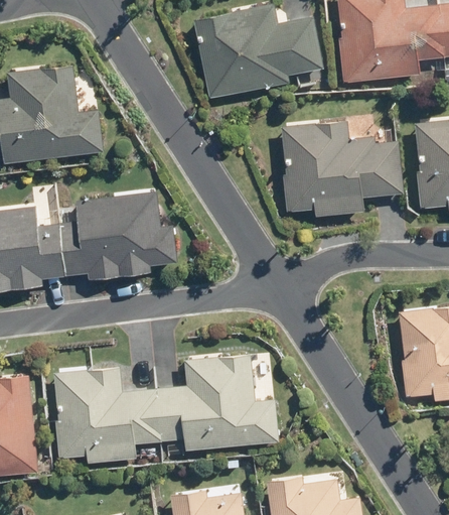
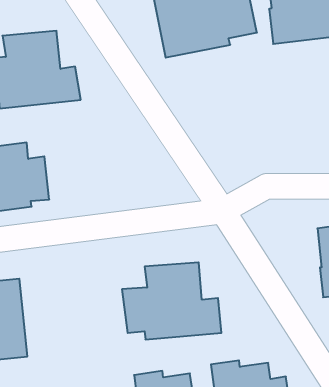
building: [281,121,403,217] -> none
building: [60,190,177,279] -> none
building: [53,368,162,464] -> none

